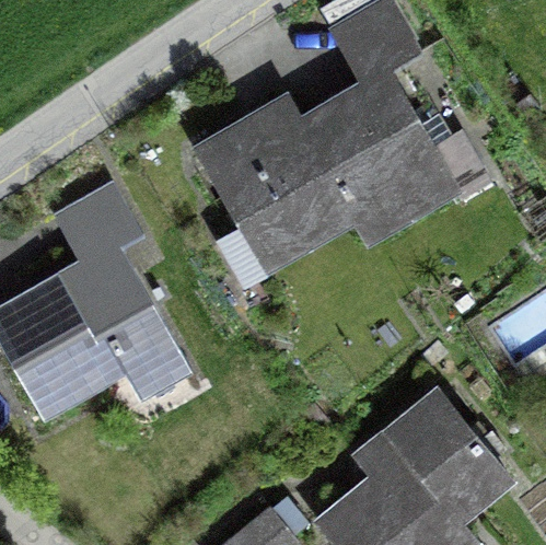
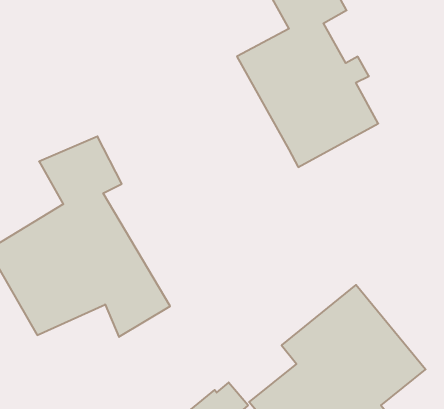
building: [190,93,356,288] -> none

